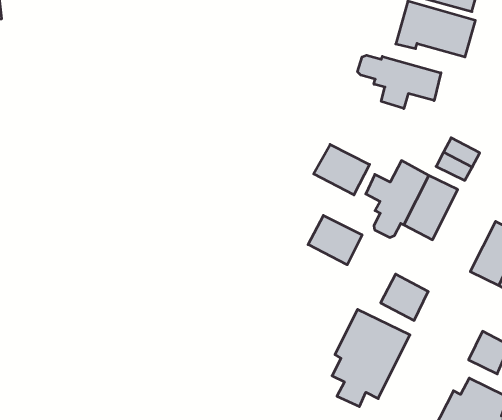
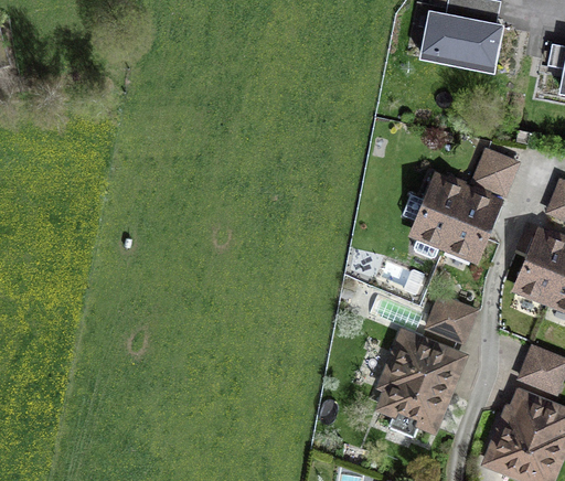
building: [358,55,441,109] -> none
building: [314,144,370,195] -> none
building: [308,215,362,265] -> none

